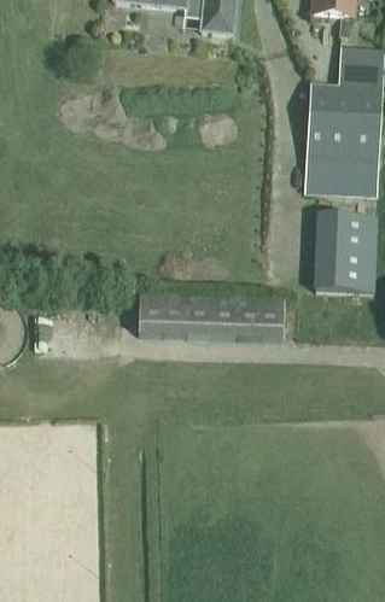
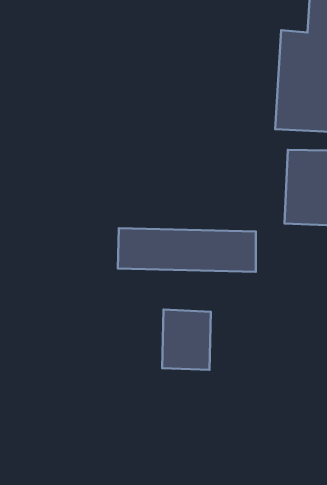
building: none -> [162,309,211,370]

